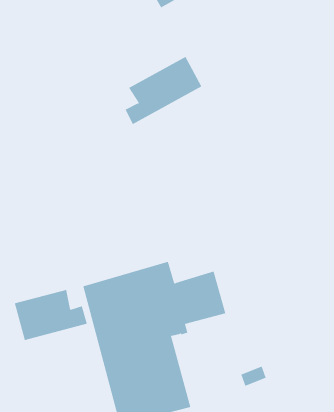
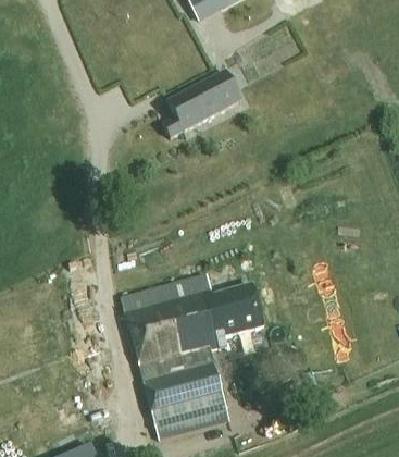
building: [14,289,88,341] -> none

